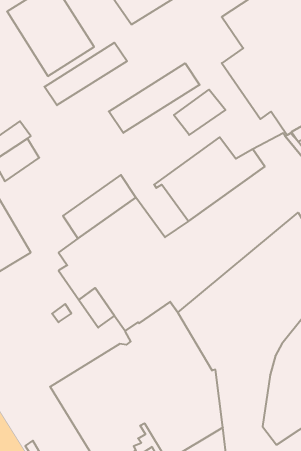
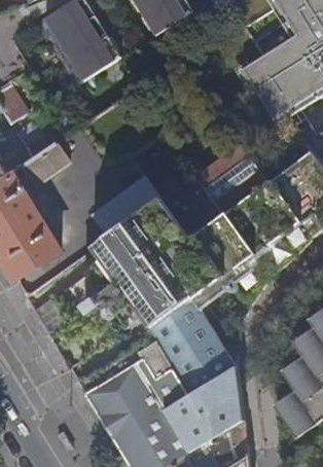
building: [44,43,127,105] -> none
building: [109,63,200,133] -> none
building: [174,90,225,135] -> none

